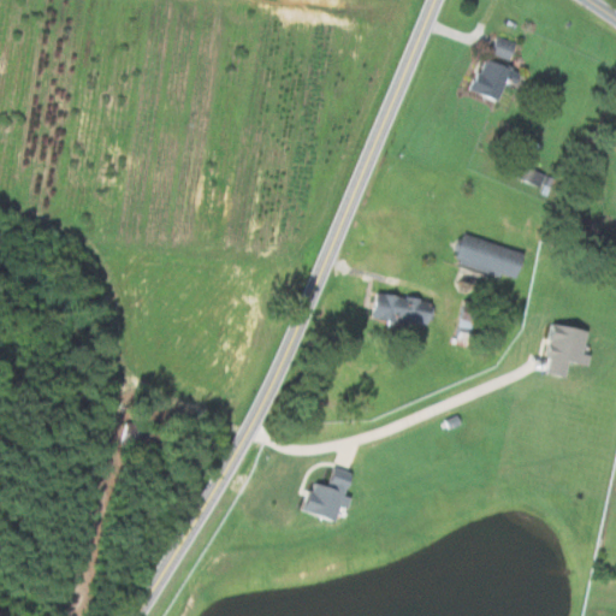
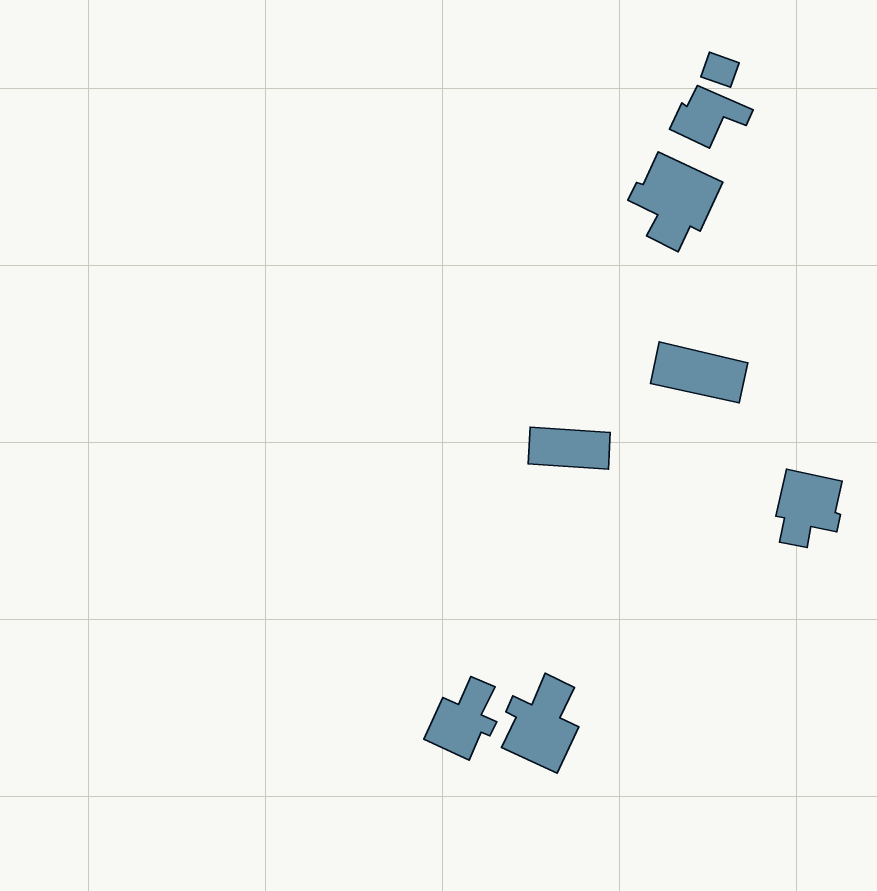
building: none -> [628,152,723,252]
building: none -> [501,673,579,773]

